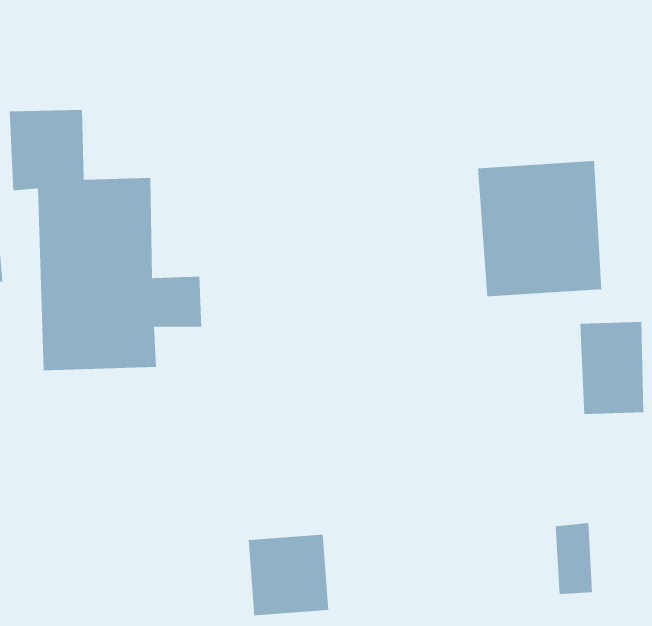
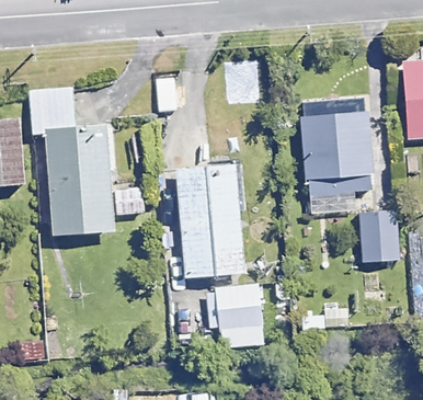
building: none -> [175,163,243,278]
building: [248,534,329,616] -> [214,283,261,330]

